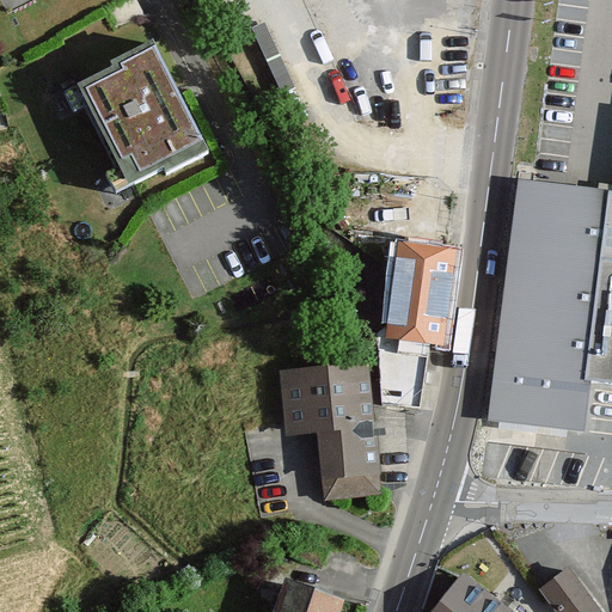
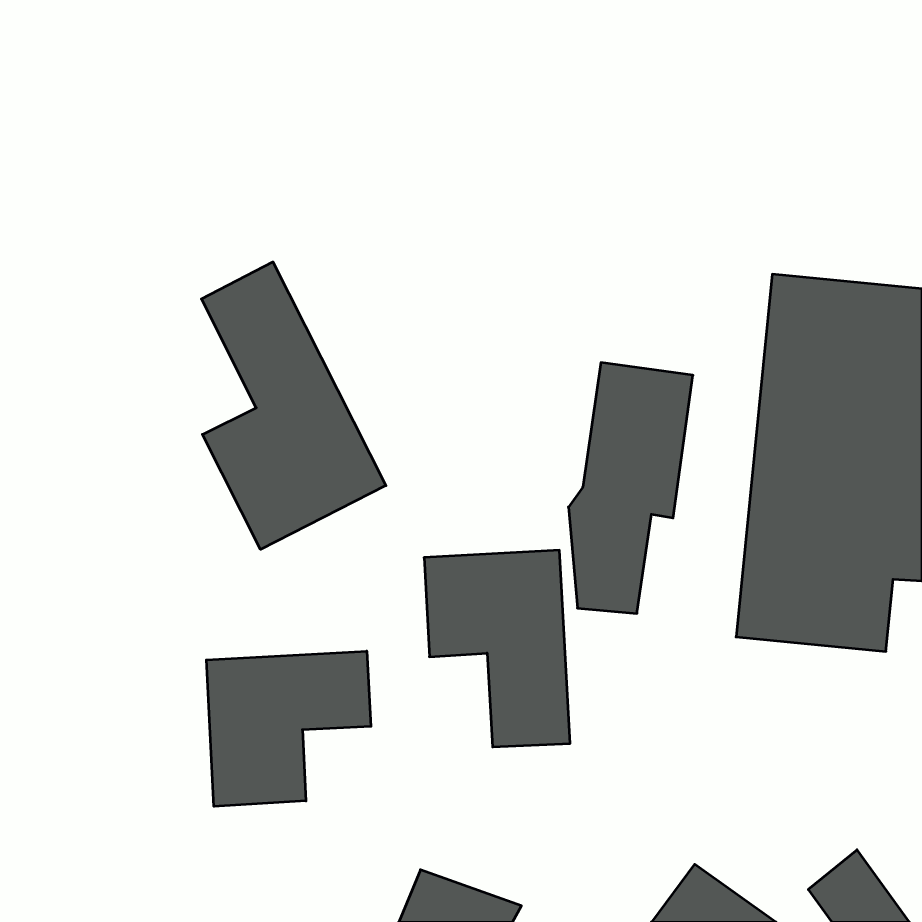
building: [65,47,207,196] -> none
building: none -> [201,262,386,549]
building: none -> [206,651,371,806]

